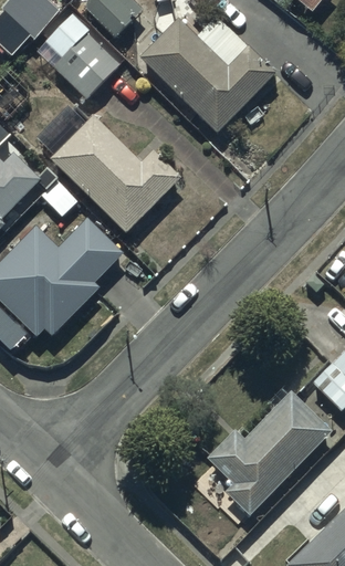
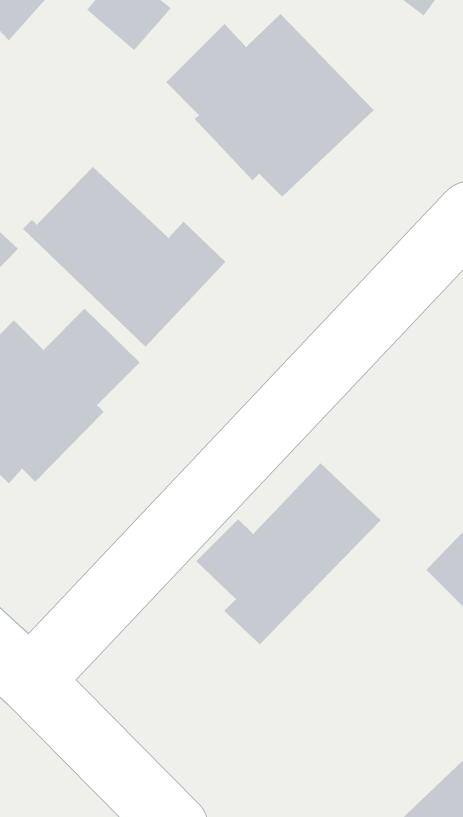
building: [45,15,121,99] -> none
building: [207,395,332,517] -> [195,462,382,645]

